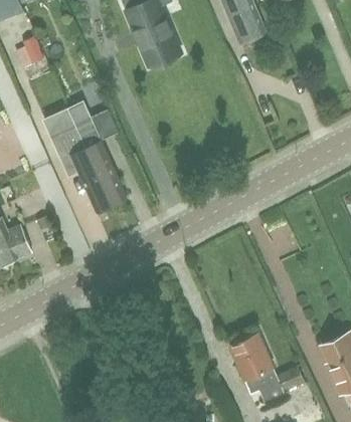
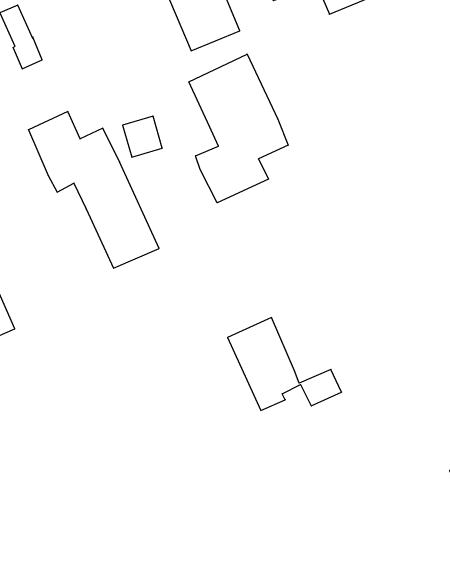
building: none -> [189,54,288,203]
building: [229,332,305,393] -> [228,318,342,410]

